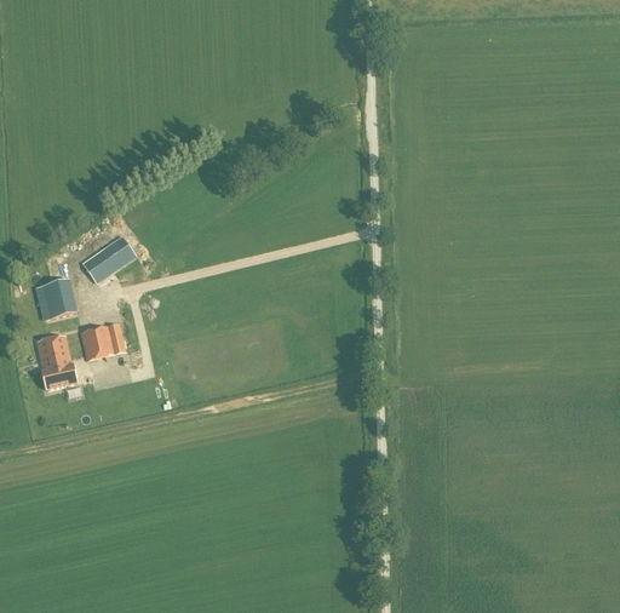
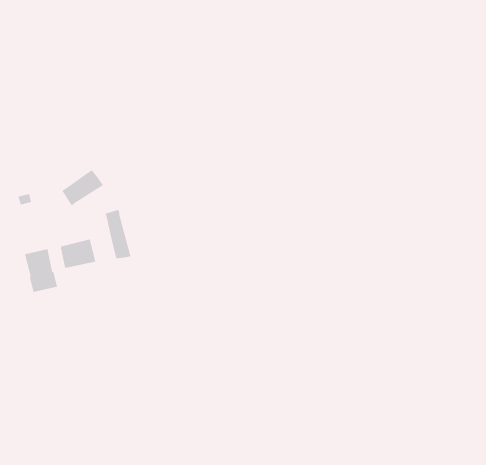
building: [28,280,78,321] -> none
building: none -> [105,209,131,259]

